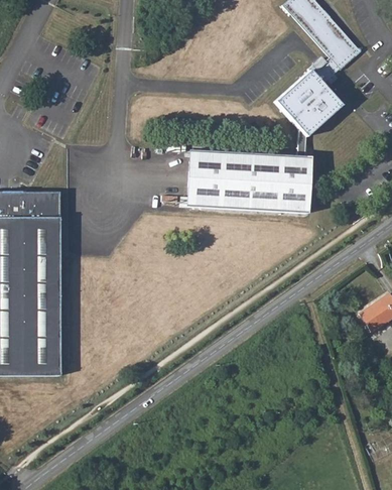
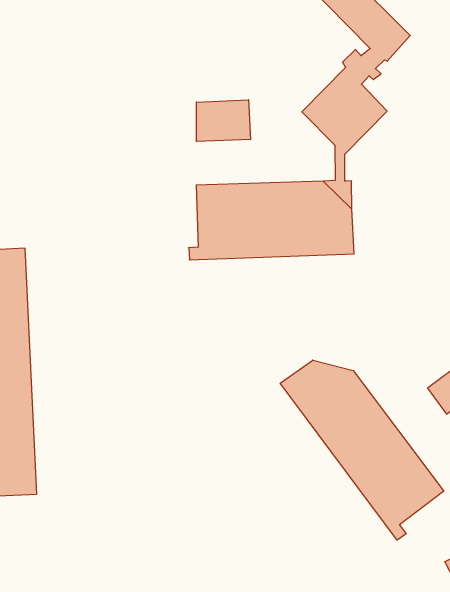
building: none -> [196,100,250,142]
building: none -> [280,360,444,540]

